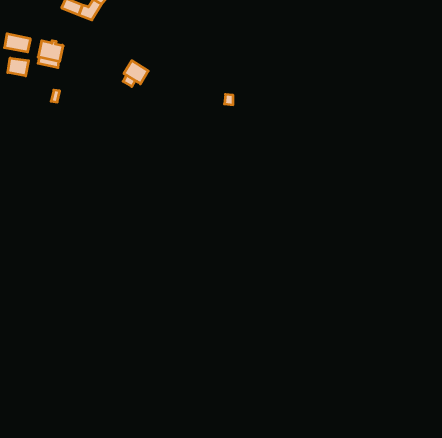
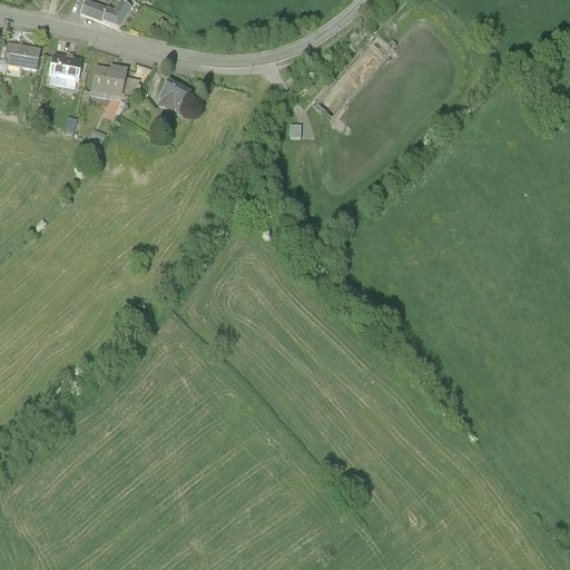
building: none -> [92,66,127,96]
building: [8,58,29,76] -> none

